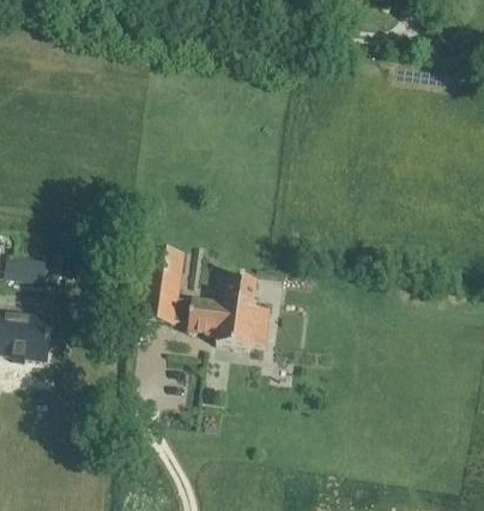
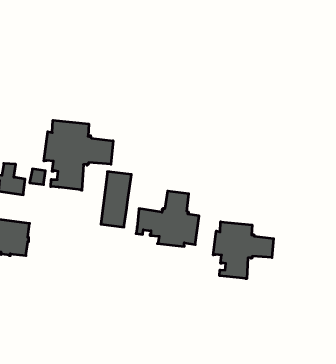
building: none -> [44,120,113,190]
building: none -> [213,222,274,279]

